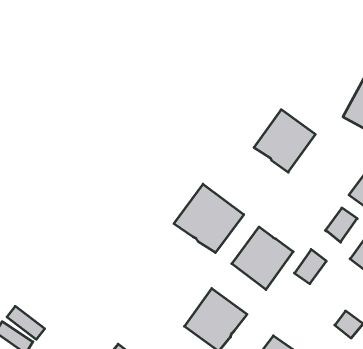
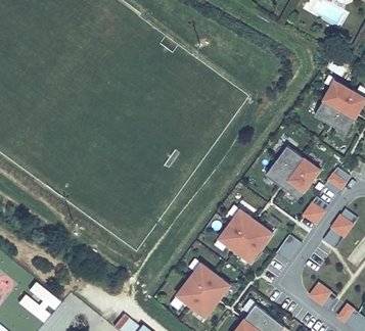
building: [254,110,315,172] -> [267,148,320,202]
building: [174,184,244,253] -> none

